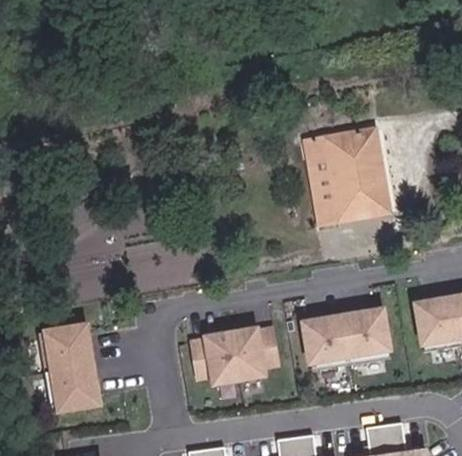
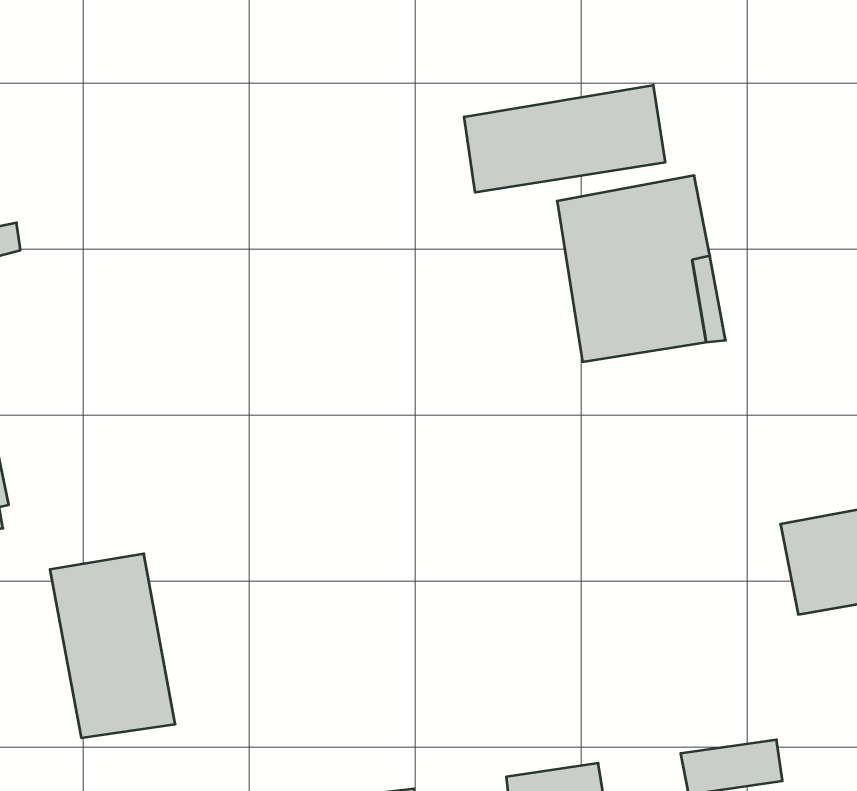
building: none -> [464,85,665,192]
building: [303,307,391,368] -> none
building: [185,322,280,387] -> none

